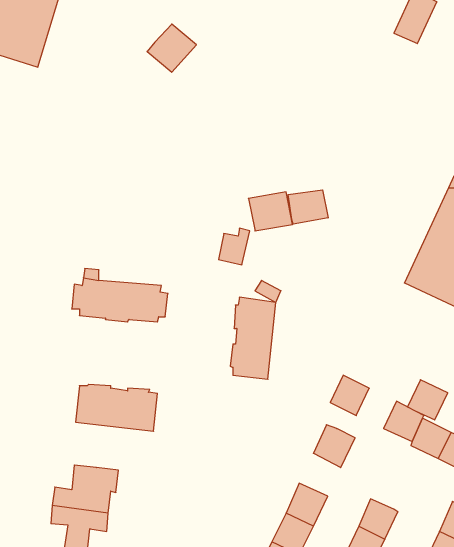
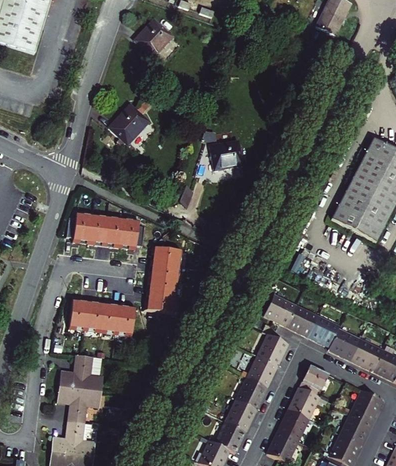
building: none -> [100,109,140,150]
building: [288,190,328,224] -> none
building: [230,297,276,379] -> [148,249,183,312]
building: [407,380,448,420] -> [287,303,318,334]
building: none -> [243,353,275,386]
building: none -> [298,365,329,396]

